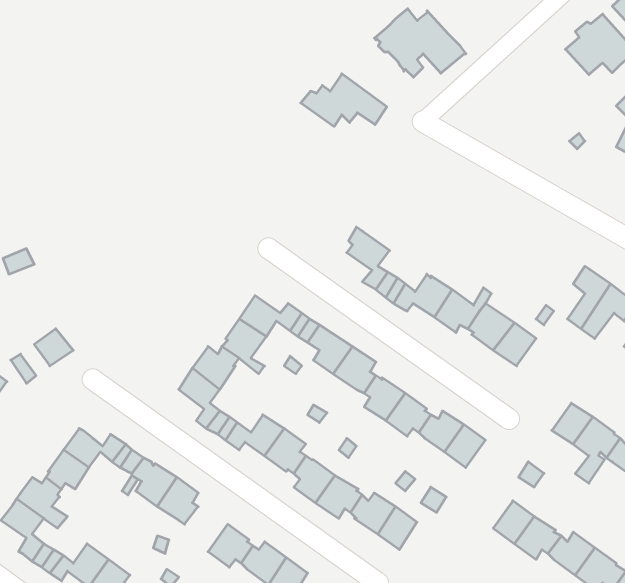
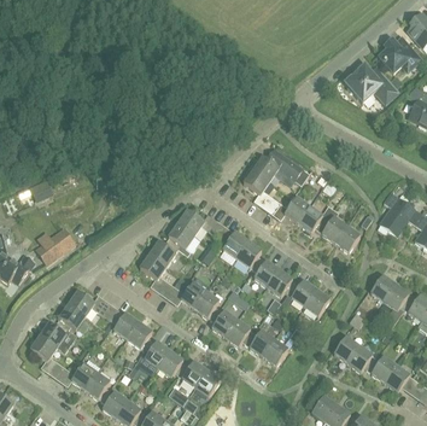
building: [374,9,466,77] -> [344,64,400,106]
building: [301,74,387,126] -> [250,148,303,181]
building: none -> [140,339,170,373]

